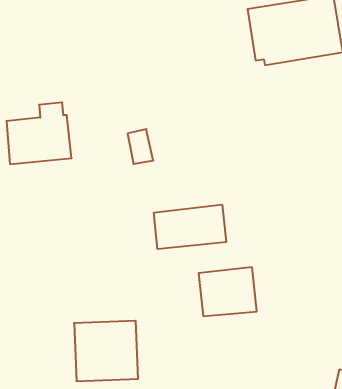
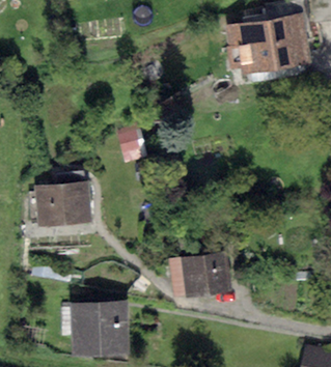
building: [6,102,72,164] -> [34,170,92,225]
building: [154,205,226,249] -> none

